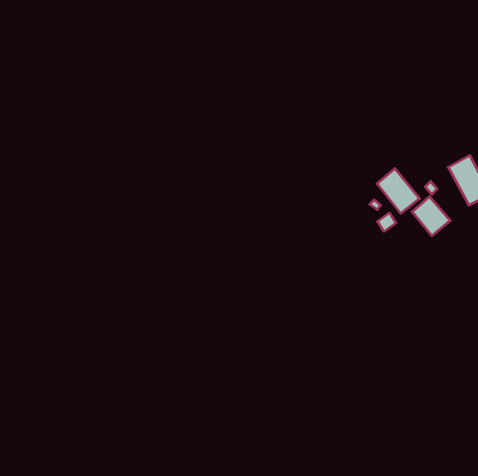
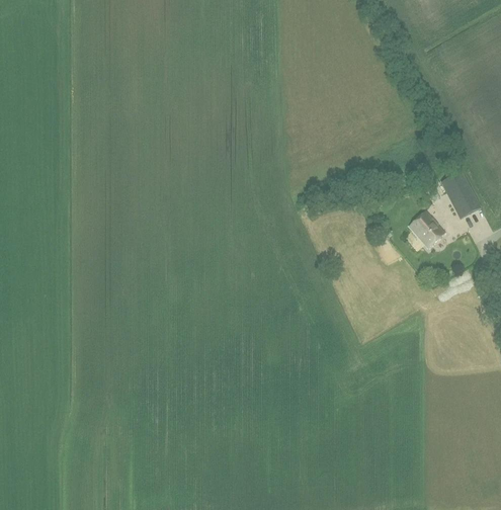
building: [377,168,420,213] -> none

